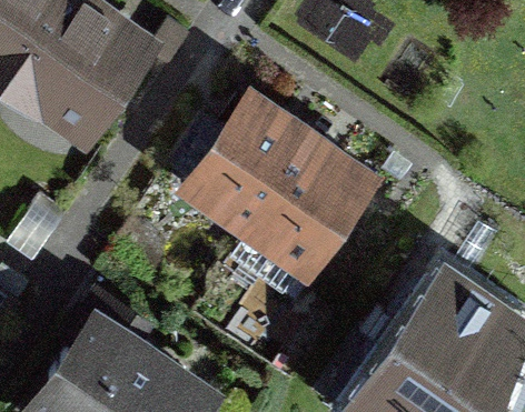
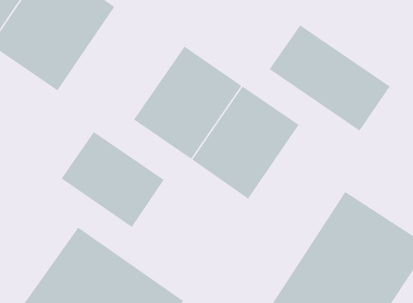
building: none -> [269,24,390,131]
building: none -> [61,131,164,228]

